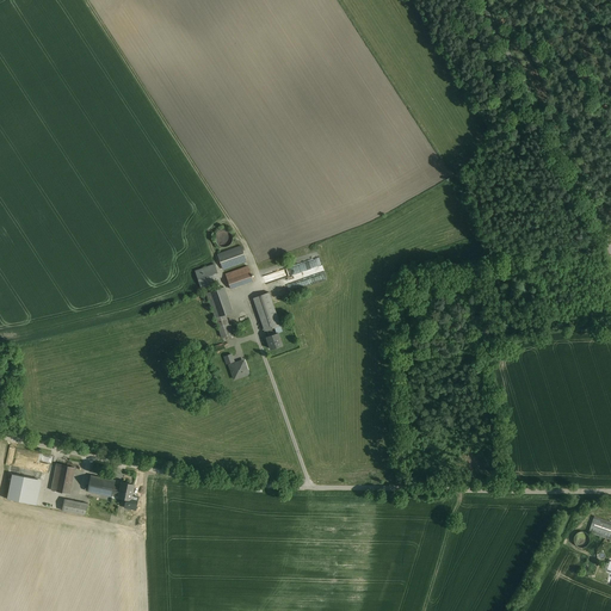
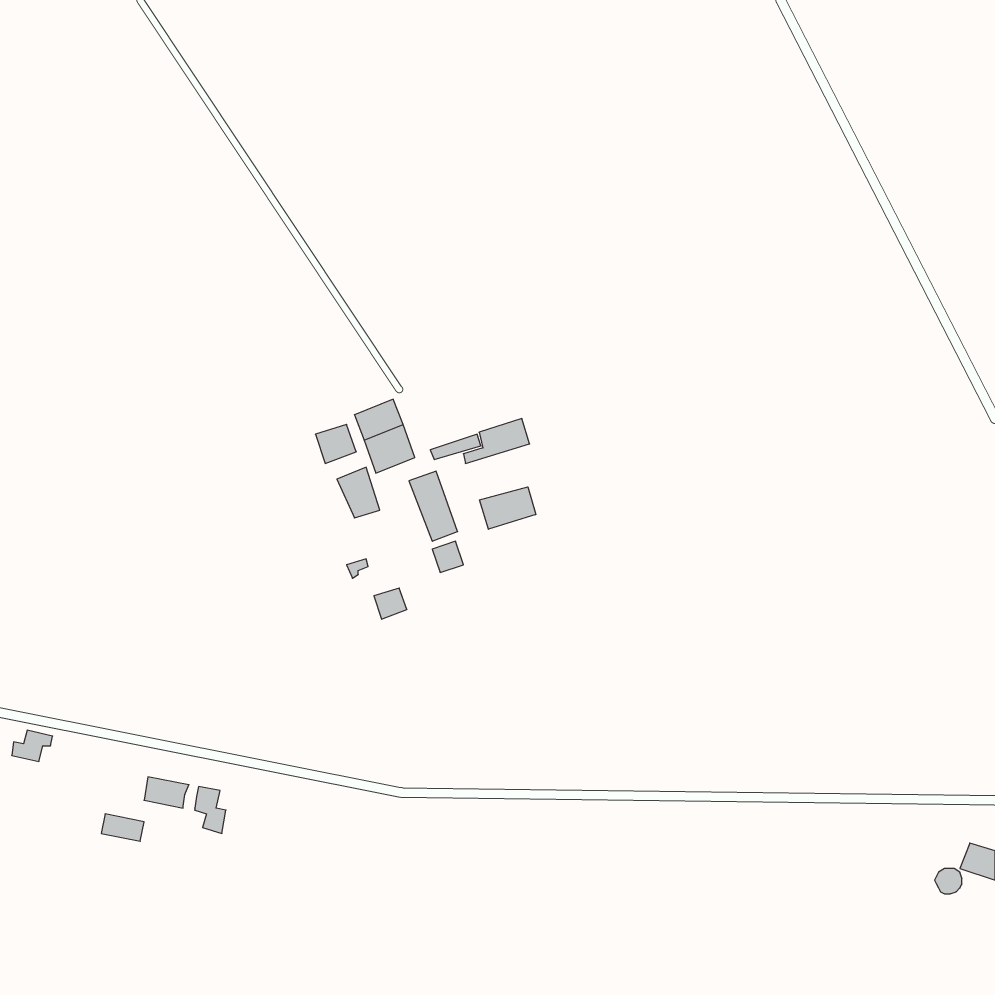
building: none -> [479,487,536,529]
building: [51,463,75,494] -> none
building: [7,474,42,505] -> none

